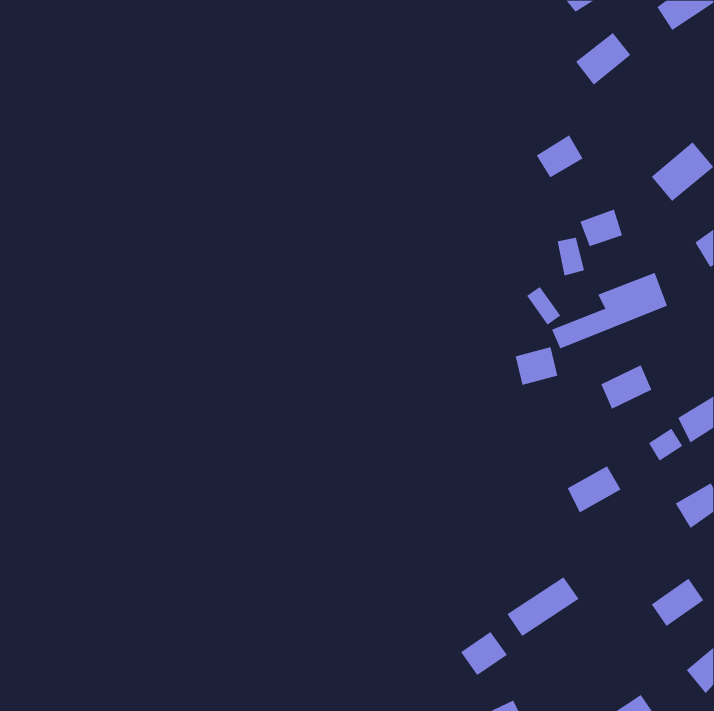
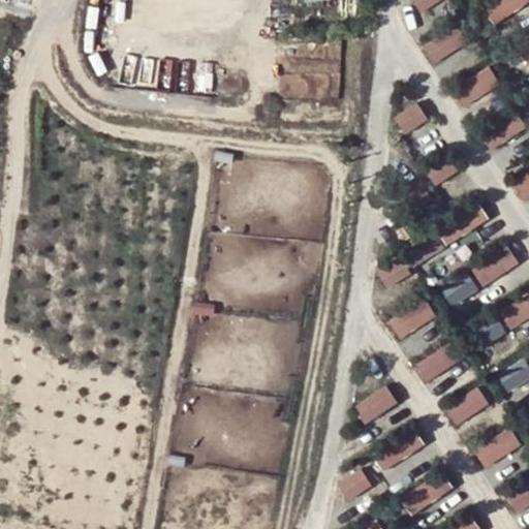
building: none -> [454,68,499,110]
building: none -> [472,251,520,285]
building: none -> [390,299,438,340]
building: none -> [354,385,400,427]
building: none -> [446,386,493,426]
building: none -> [401,471,455,519]

